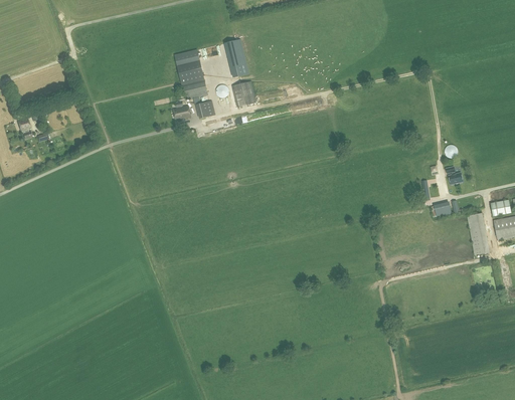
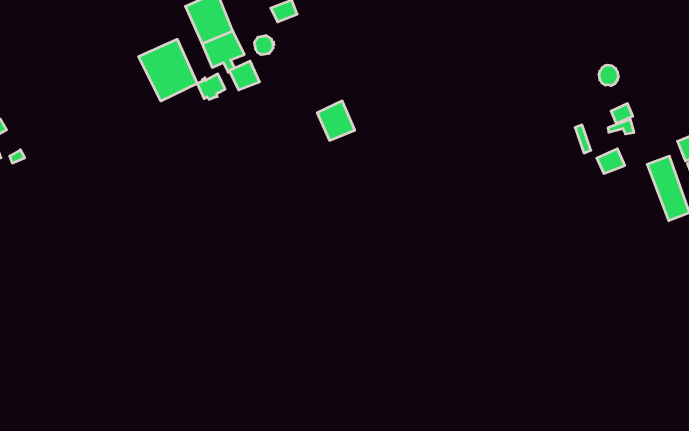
building: none -> [139,39,197,101]
building: [232,79,255,105] -> [317,101,355,140]

